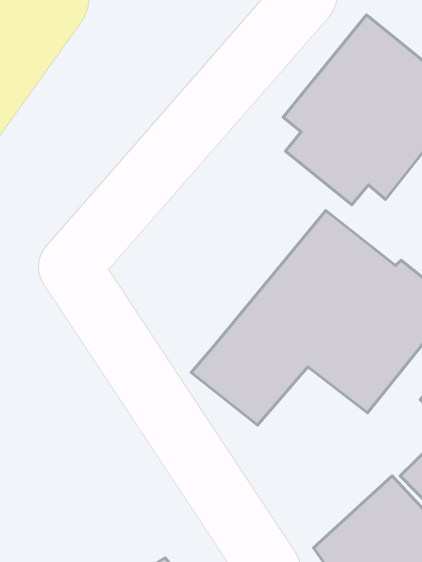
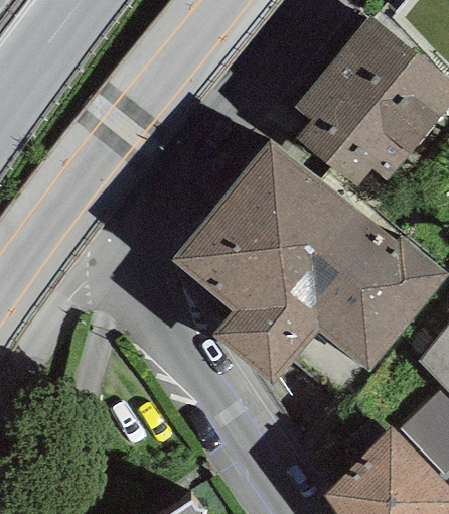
building: none -> [169,138,334,313]

